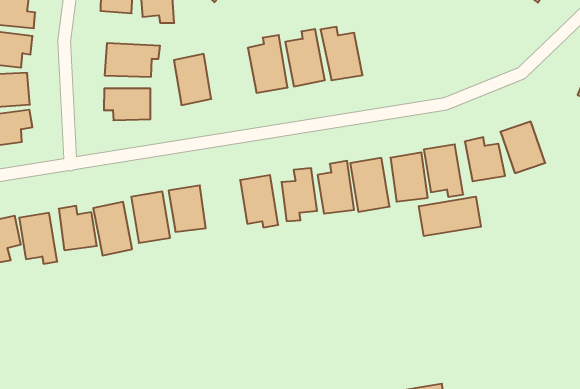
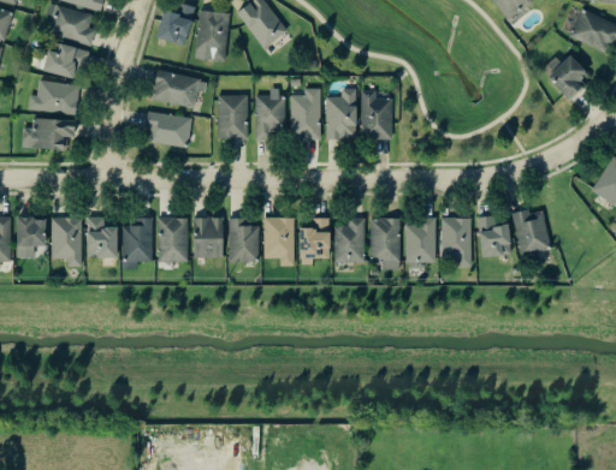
building: none -> [255,88,284,139]
building: none -> [230,218,259,261]
building: [419,197,481,236] -> none

